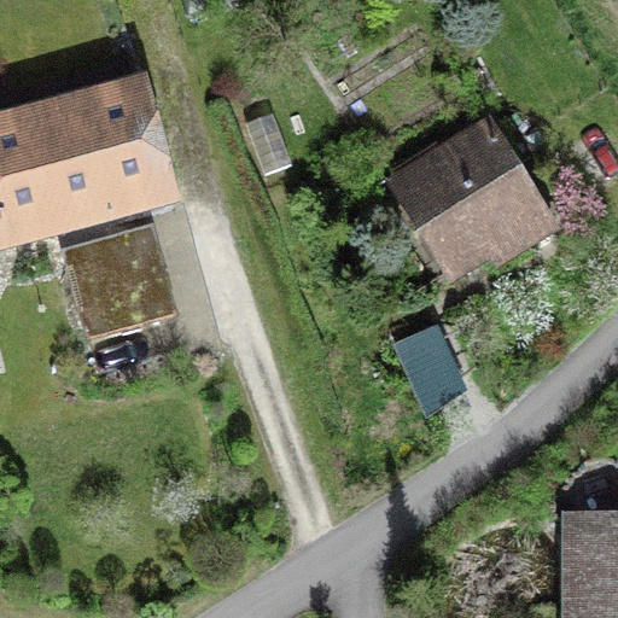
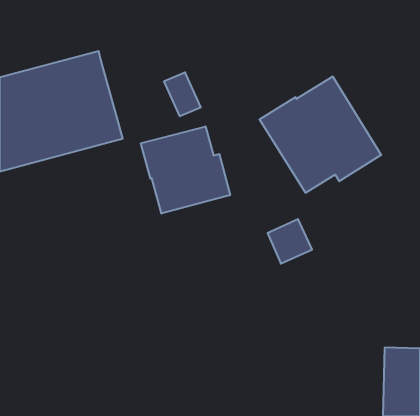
building: none -> [141,126,230,214]
building: [65,223,179,336] -> none

